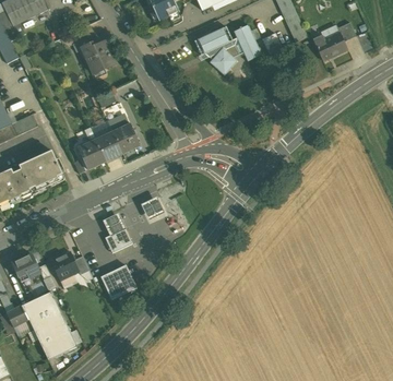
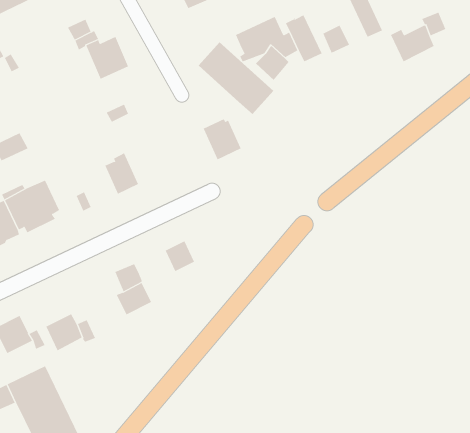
building: none -> [198,41,274,115]
building: [110,121,140,153] -> [203,118,241,160]
building: [78,136,105,168] -> none
building: [100,264,135,298] -> none

